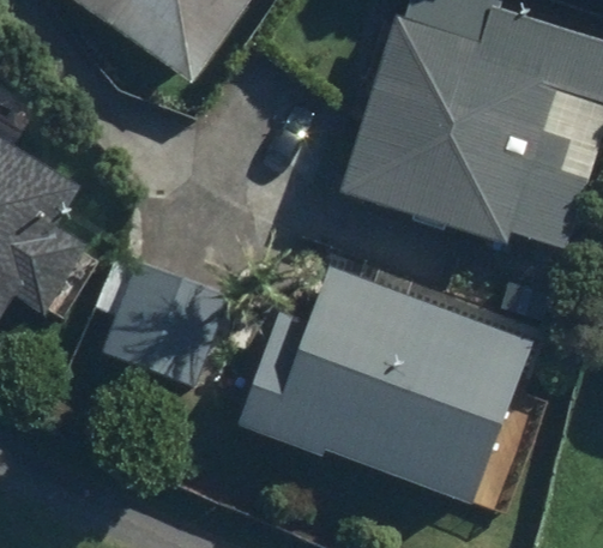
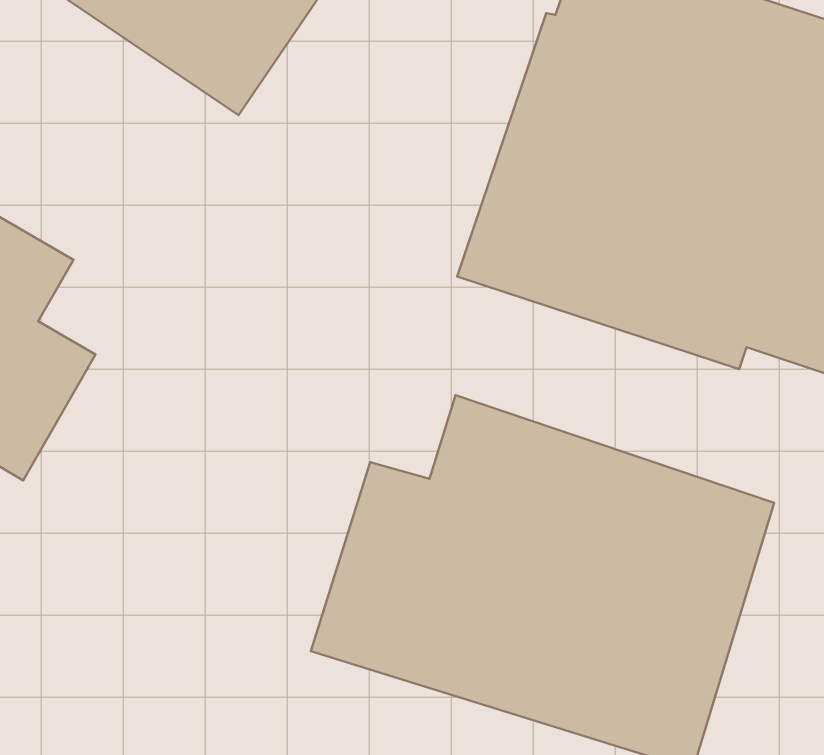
building: [95,251,225,389] -> none

